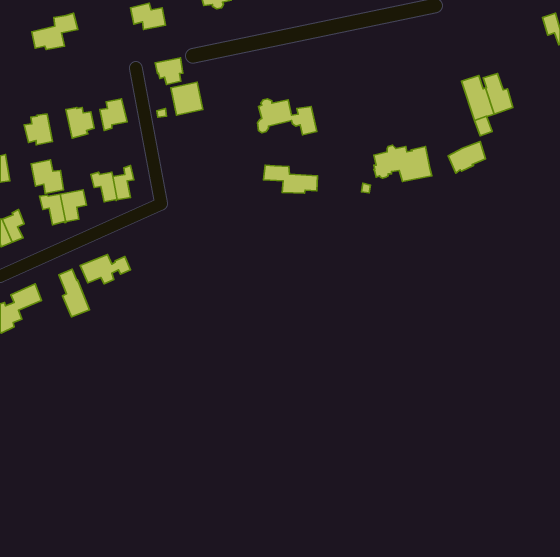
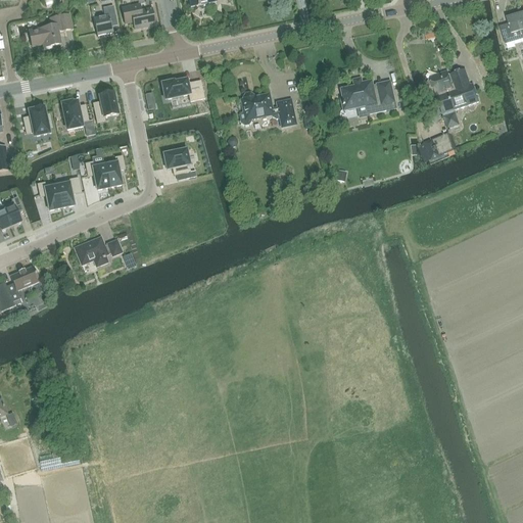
building: none -> [93,4,117,35]
building: [155,58,183,85] -> none
building: [374,145,432,181] -> [341,79,395,112]
building: none -> [163,146,191,171]
building: [31,160,63,193] -> none
building: [263,165,317,193] -> none
building: [59,269,90,317] -> none

